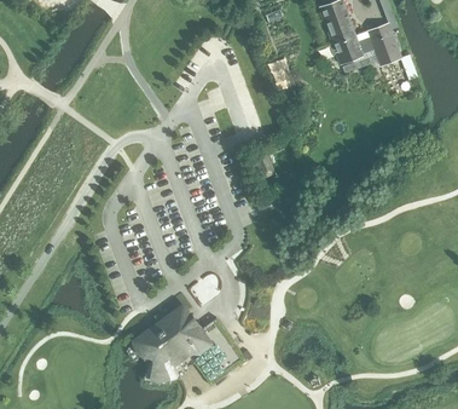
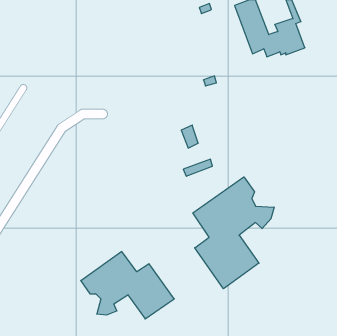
building: none -> [193,177,274,289]

